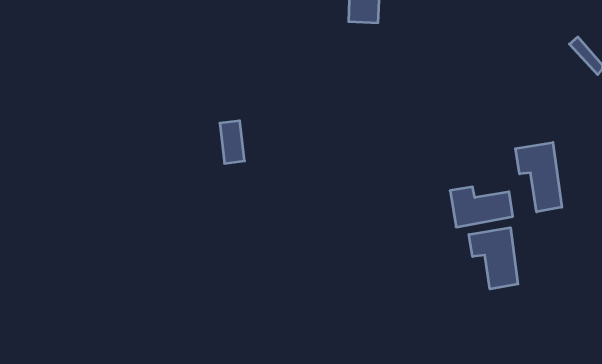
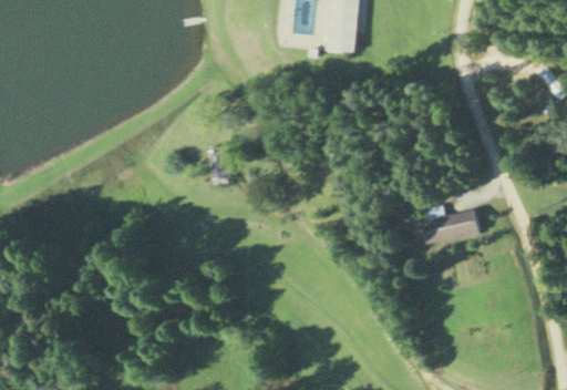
building: [515,142,562,212] -> none
building: [469,228,518,289] -> none

